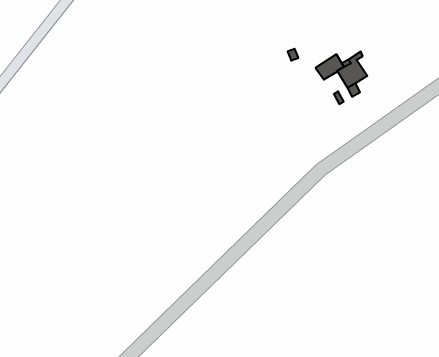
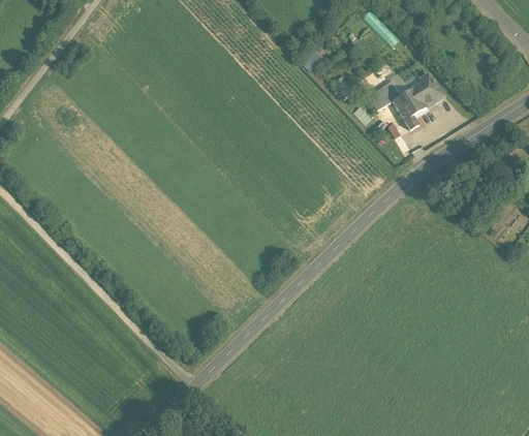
building: none -> [414,73,444,105]

